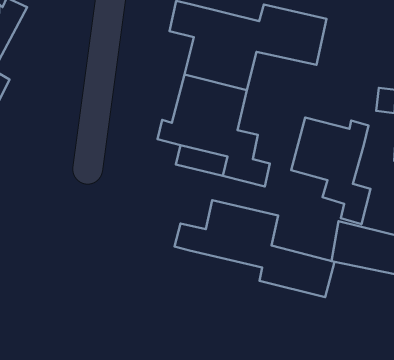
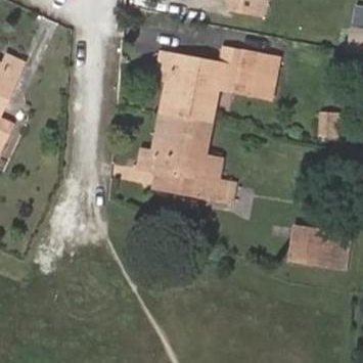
building: [291,118,370,224] -> none
building: [174,200,334,297] -> none

